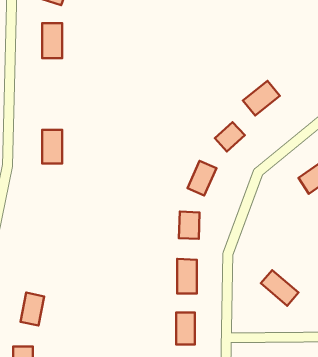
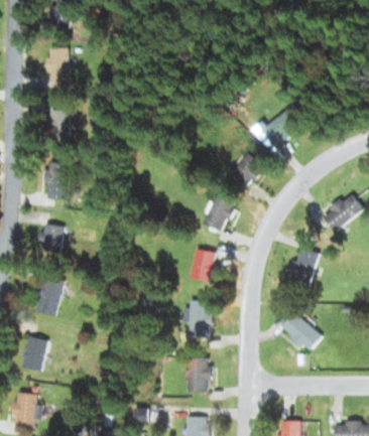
building: none -> [47,111,70,137]
building: none -> [39,224,64,252]
building: none -> [285,246,321,288]
building: none -> [36,276,65,316]

